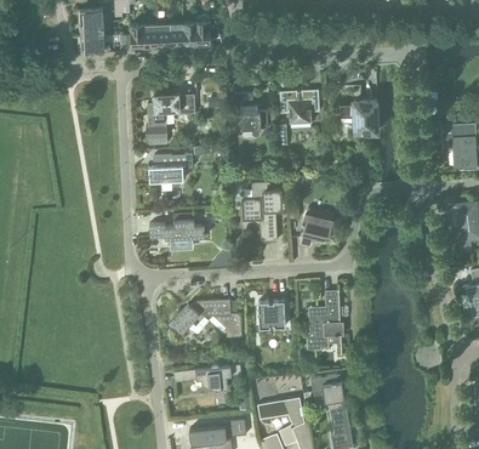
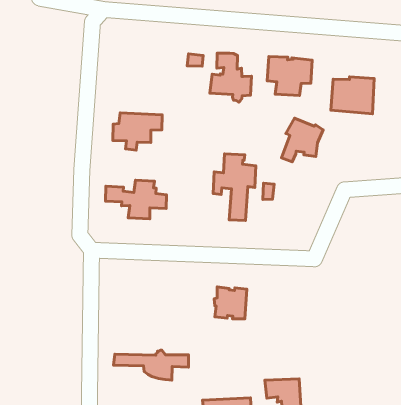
building: [147,93,195,144] -> none
building: [301,208,335,246] -> [282,118,323,162]
building: [306,290,341,349] -> none
building: [169,299,243,336] -> none

